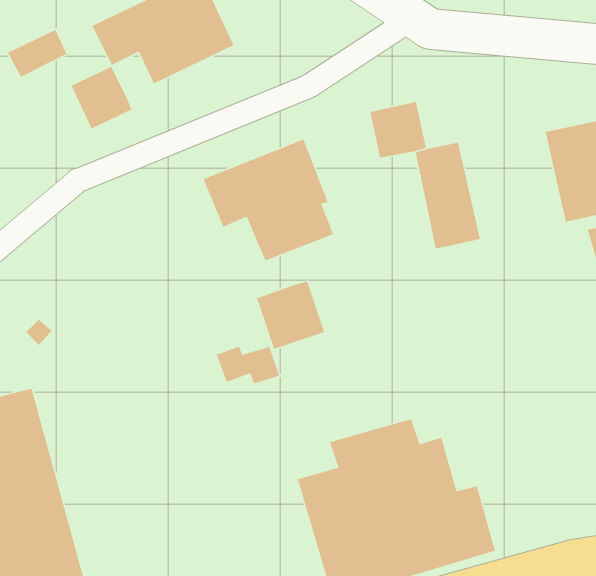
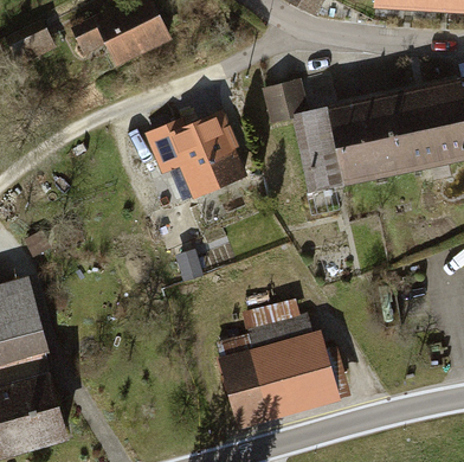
building: [70,66,132,129] -> none
building: none -> [330,103,404,179]
building: [256,281,325,350] -> none

